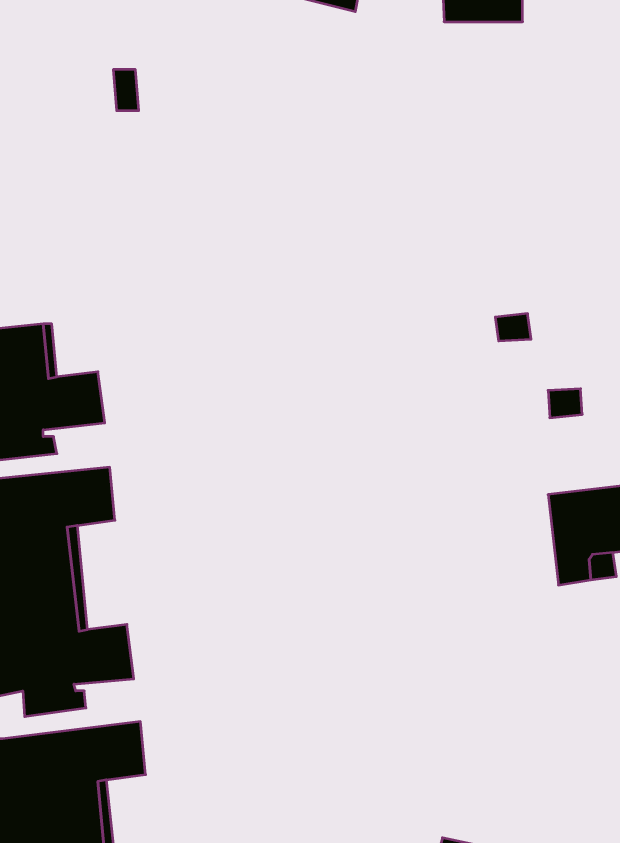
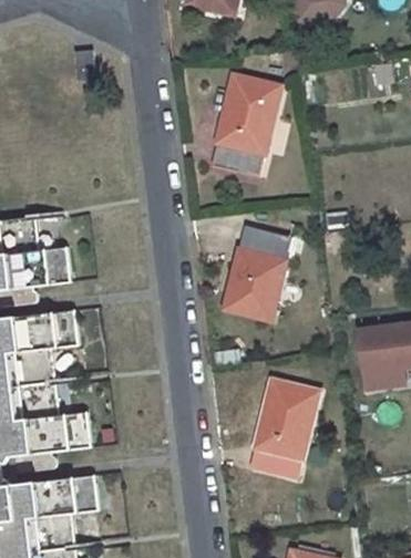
building: none -> [213,75,280,177]
building: none -> [226,226,291,319]
building: none -> [248,380,318,479]

